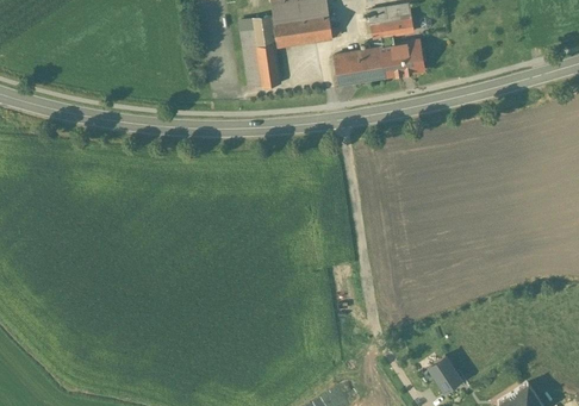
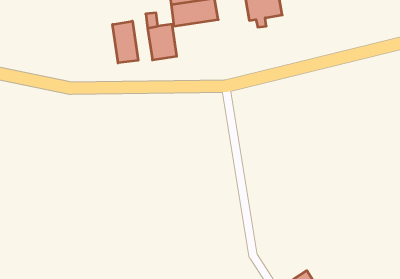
building: none -> [113,21,138,63]
building: [334,40,424,85] -> none

